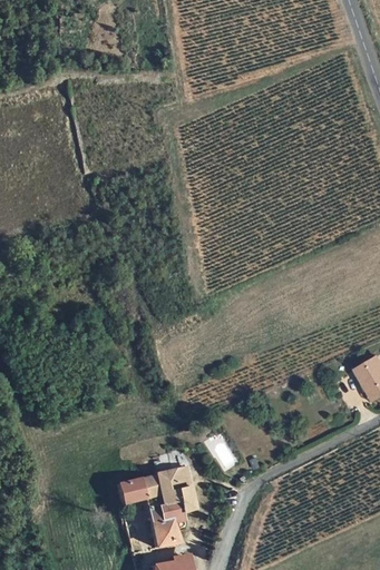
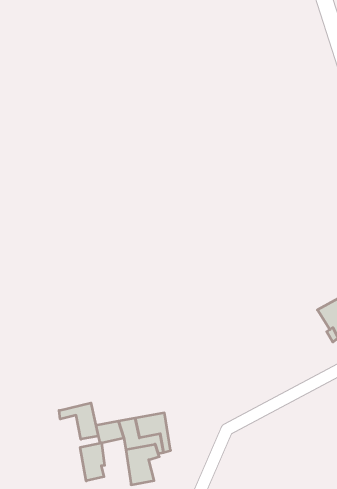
building: none -> [59,403,98,439]
building: none -> [80,443,105,481]

